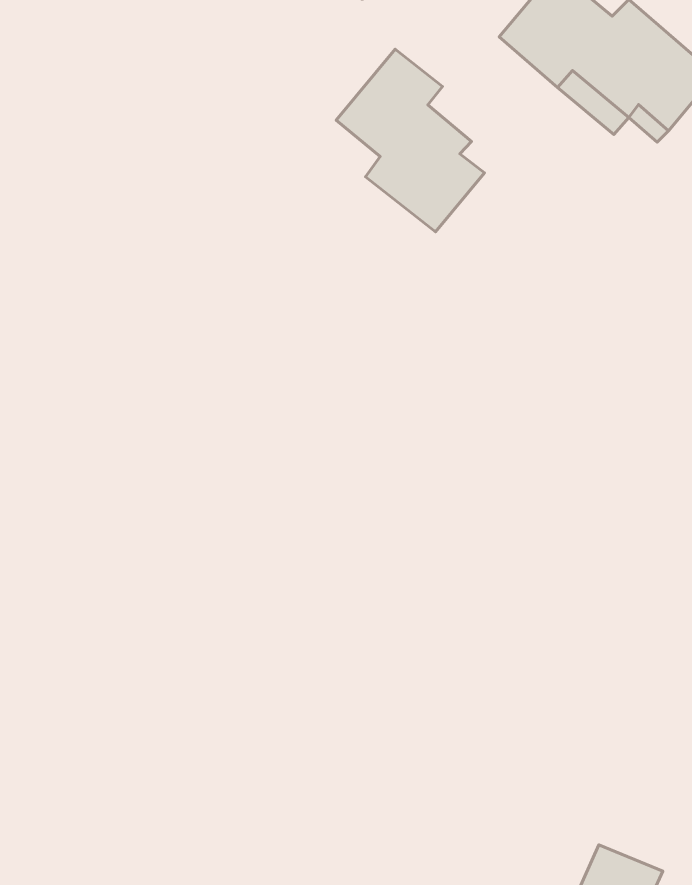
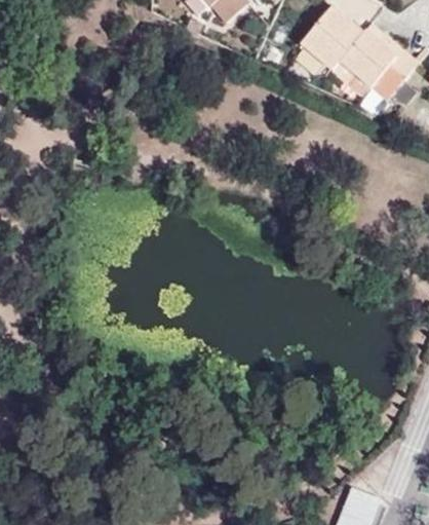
building: [336,49,484,232] -> none

